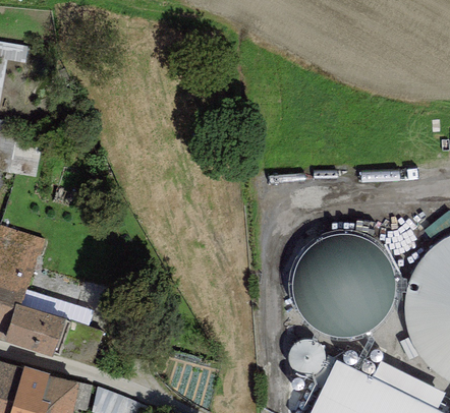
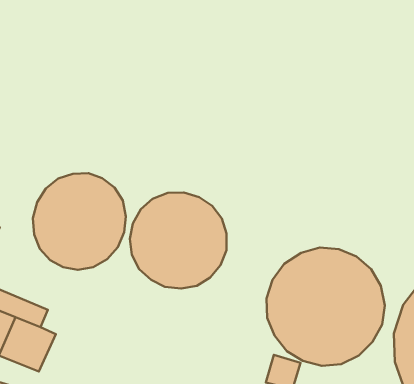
building: none -> [33,173,126,270]
building: none -> [130,192,226,288]

